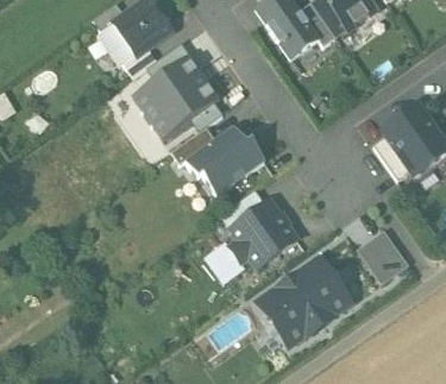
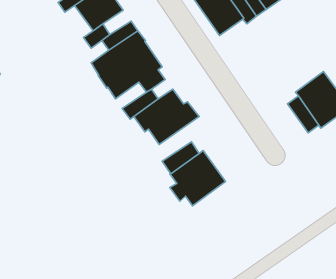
building: [357,231,409,284] -> none
building: [259,260,348,345] -> none

